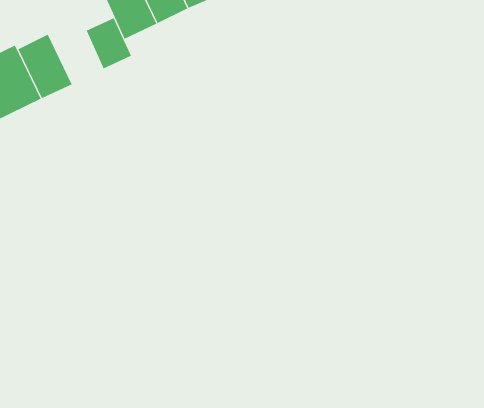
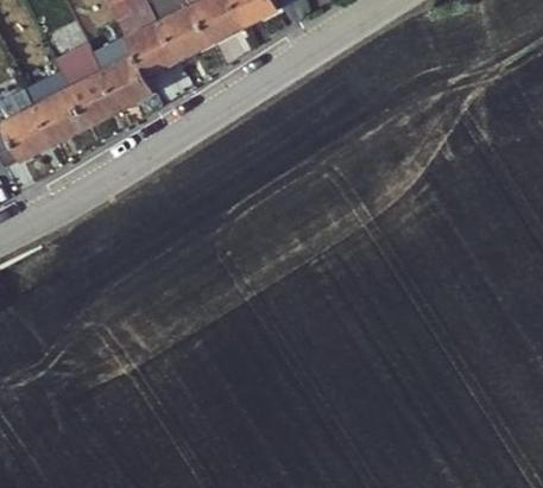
building: none -> [50,40,116,125]

